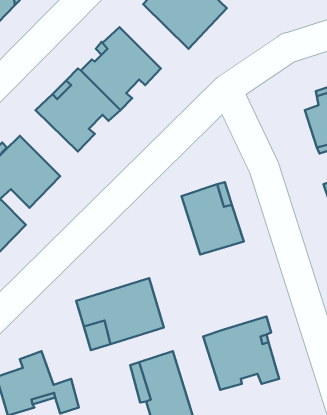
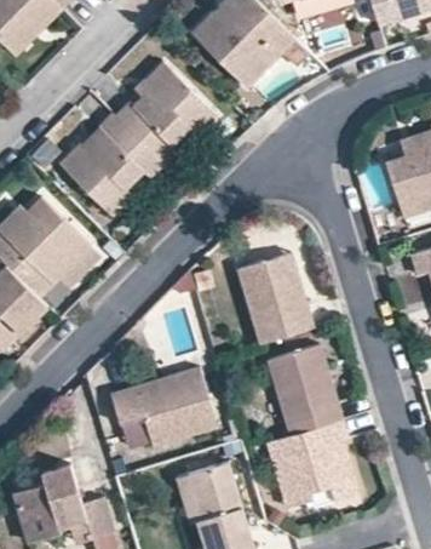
building: none -> [266,344,341,433]

